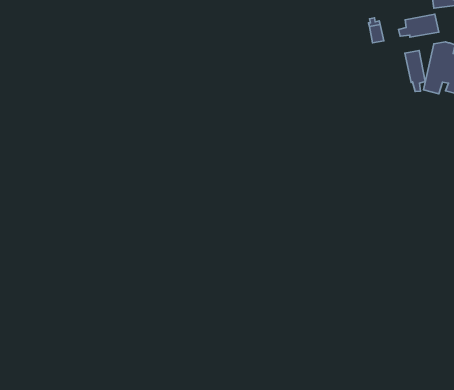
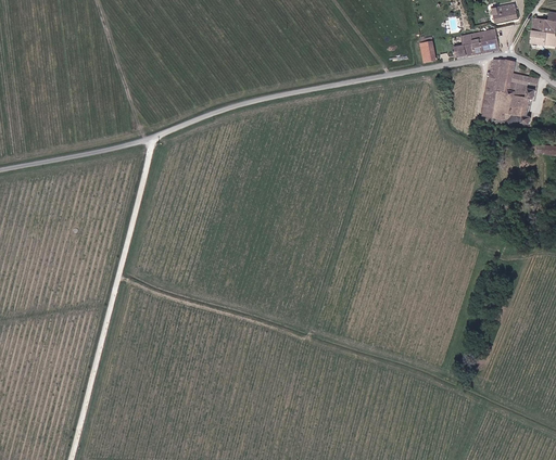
building: [405,51,425,92] -> none

